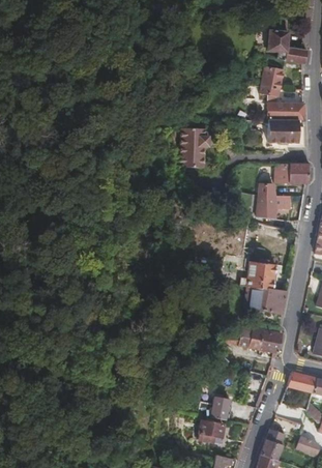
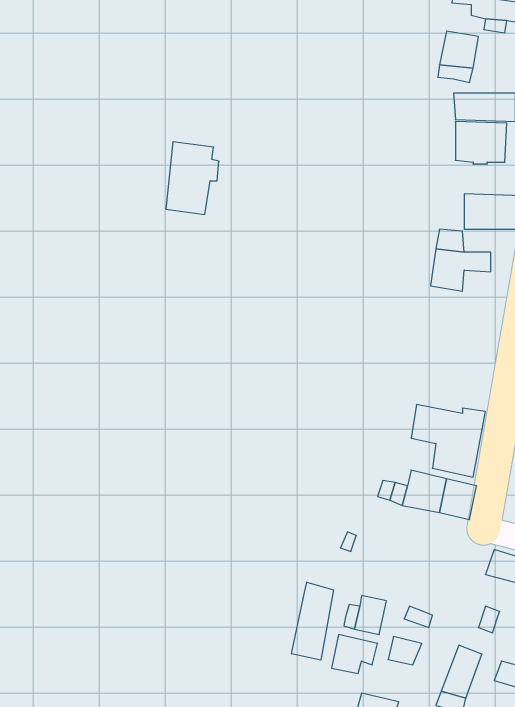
building: [180,128,211,171] -> [166,142,219,214]
building: [240,260,277,291] -> none
building: none -> [292,582,334,660]

